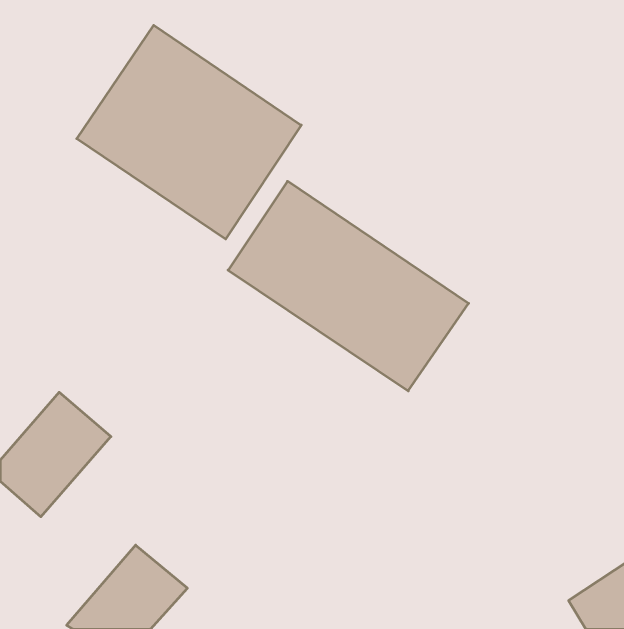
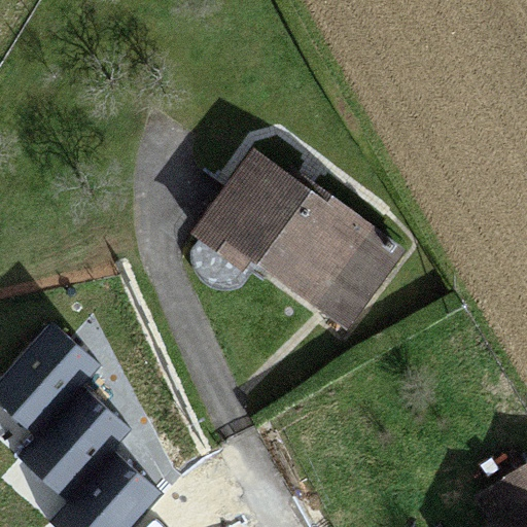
building: [77,25,301,239] -> none
building: none -> [29,390,130,493]

